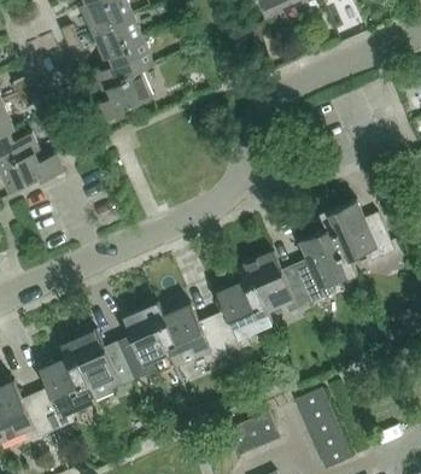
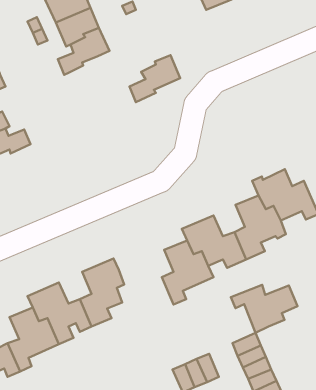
building: [94,69,152,123] -> [130,55,180,102]
building: [163,304,228,365] -> none
building: none -> [231,285,297,333]

